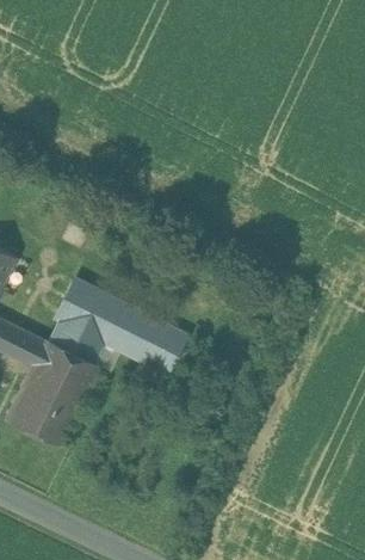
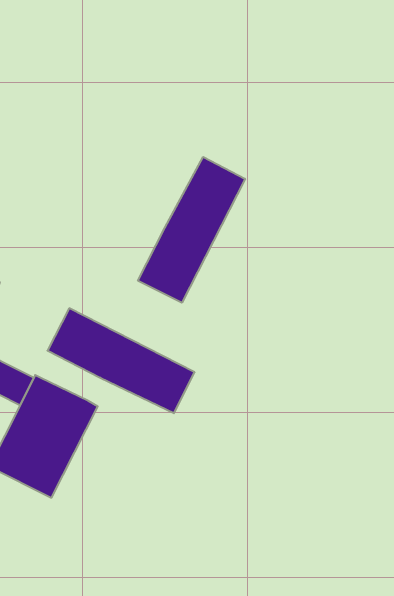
building: none -> [138,157,245,303]
building: [51,320,104,362] -> none

